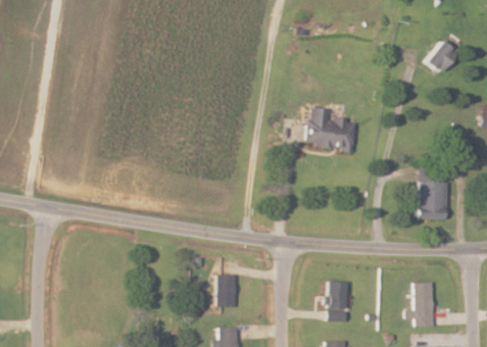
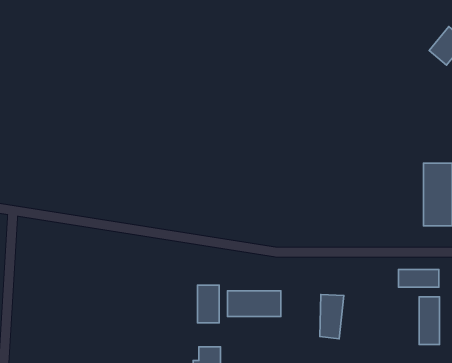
building: [308,108,357,150] -> none
building: none -> [398,270,439,287]
building: none -> [227,291,281,317]

